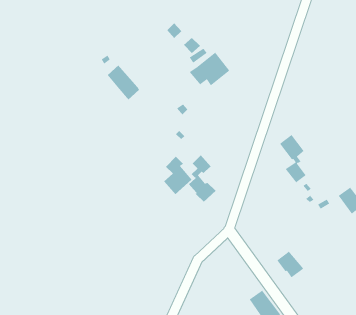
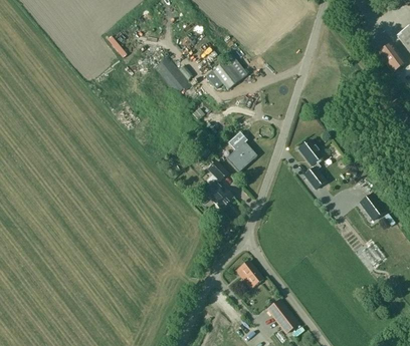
building: [107,64,140,101] -> [154,55,188,92]
building: [163,156,193,195] -> [226,131,256,171]
building: [277,251,304,278] -> [235,260,263,288]

